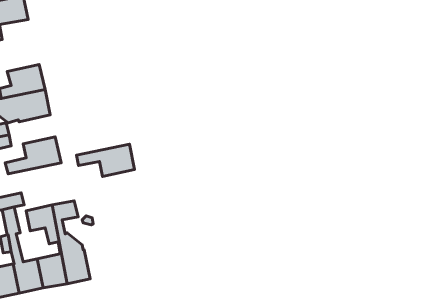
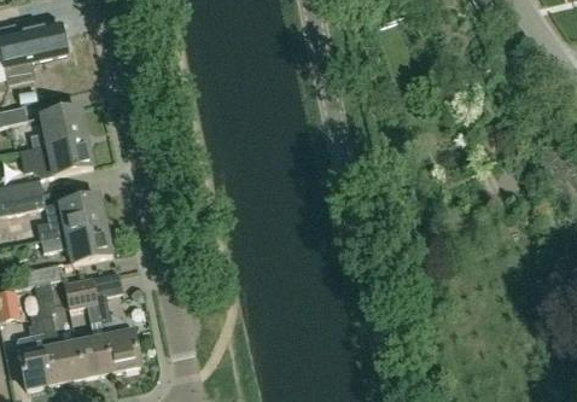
building: [77,144,135,176] -> [41,226,111,264]

